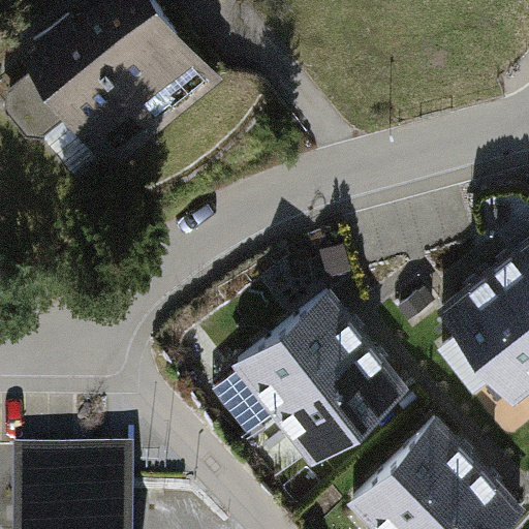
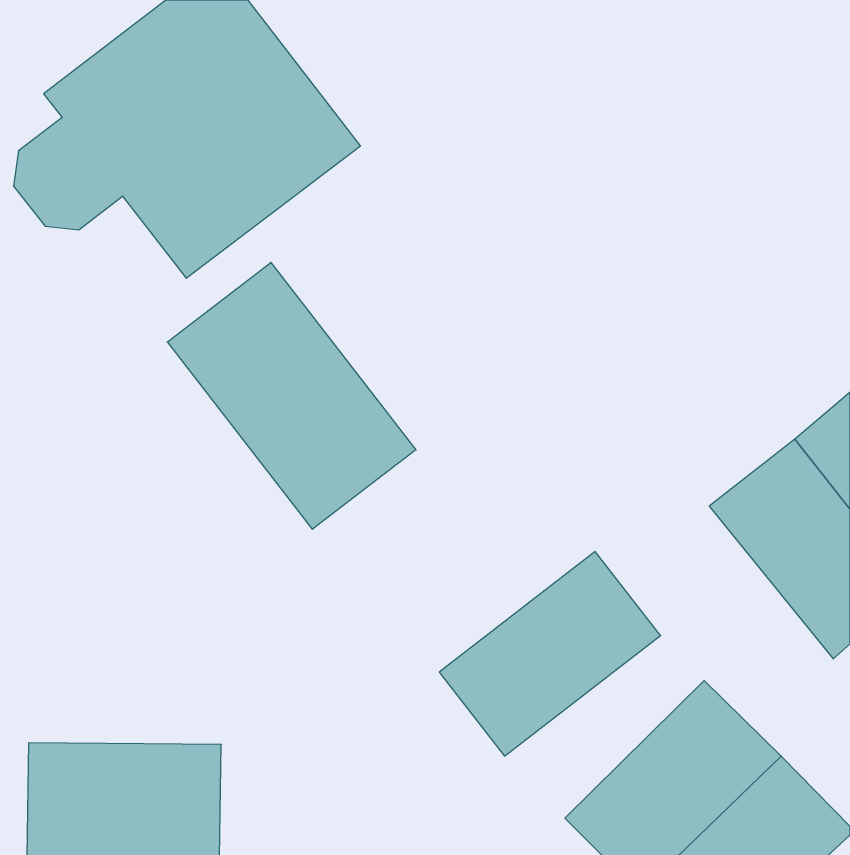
building: none -> [167,262,416,529]
building: [229,288,367,415] -> none

